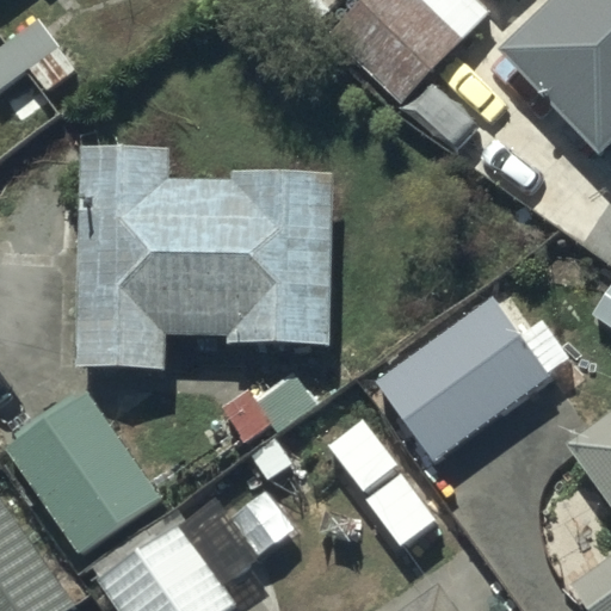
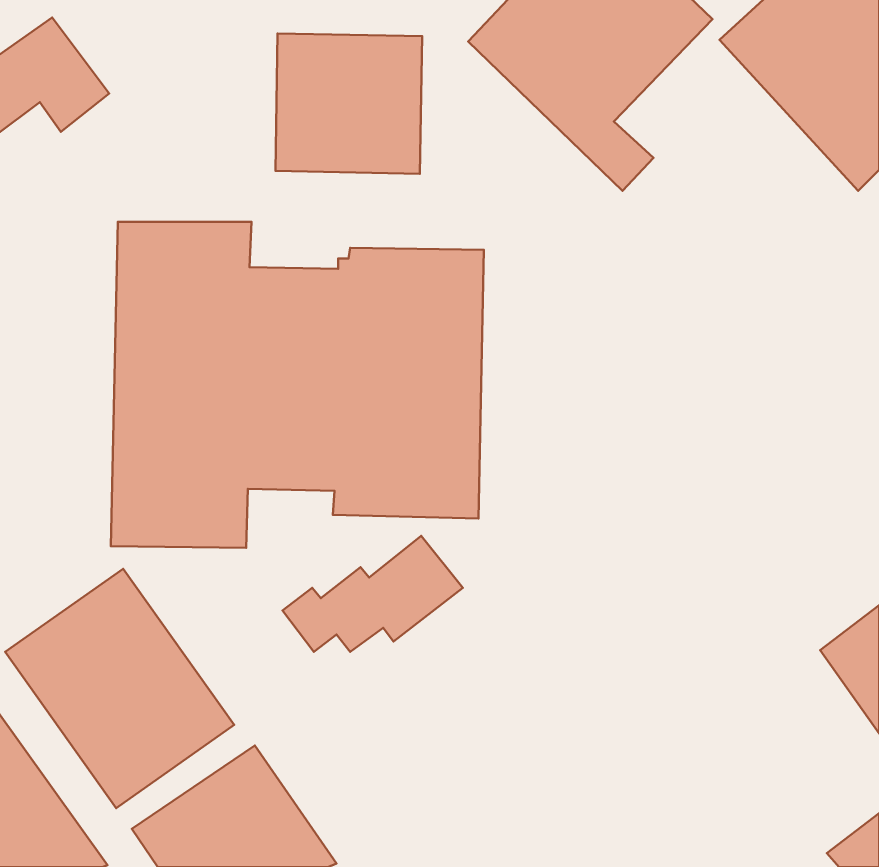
building: none -> [275,33,422,174]
building: [371,295,568,467] -> none

